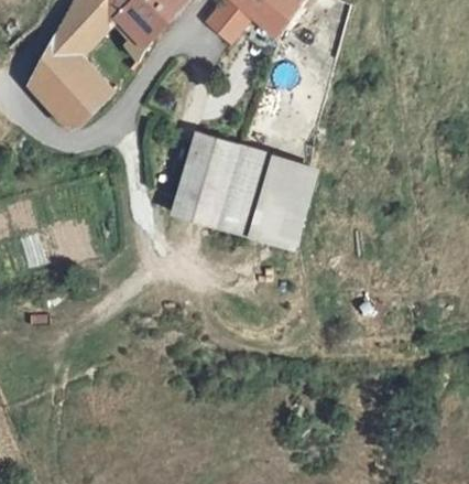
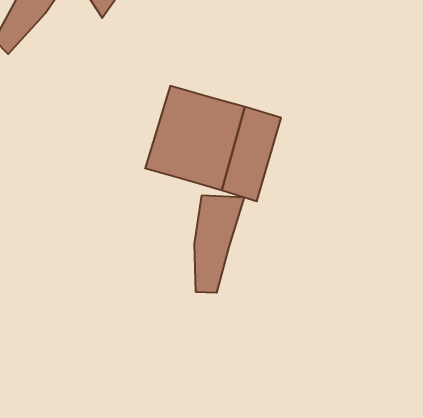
building: [40,60,111,129] -> none
building: none -> [195,195,244,293]

